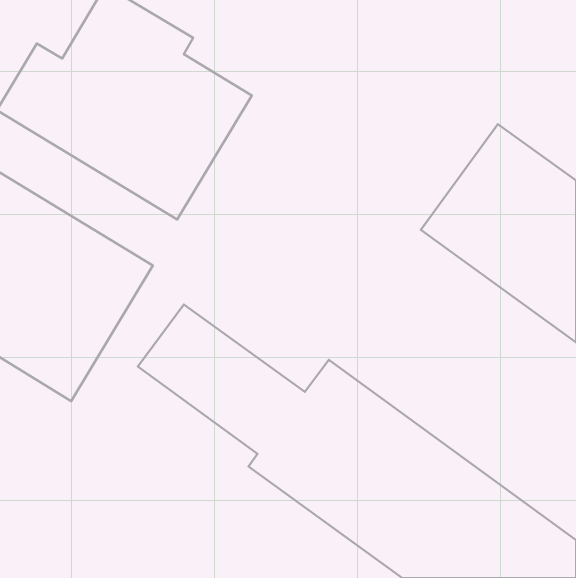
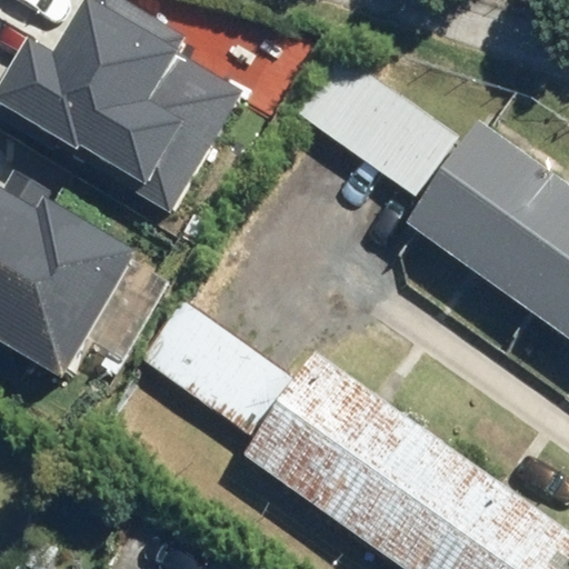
building: none -> [295,50,455,194]

